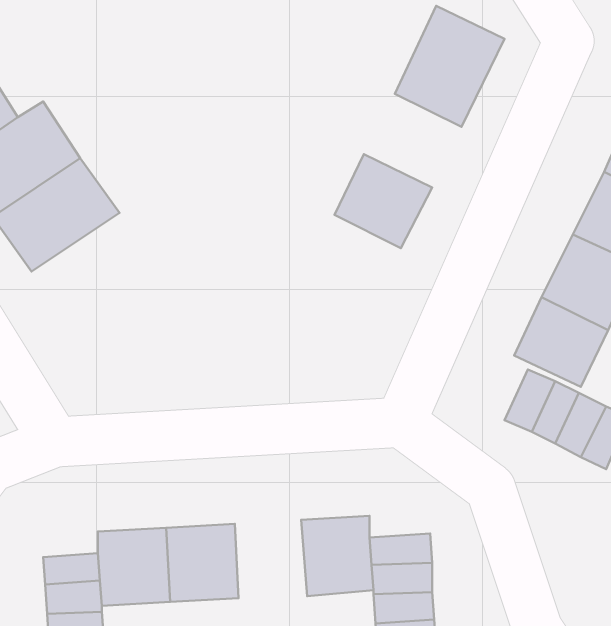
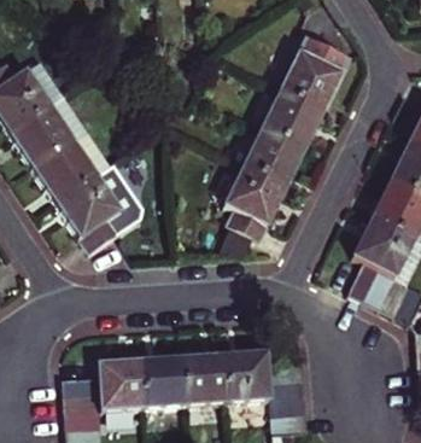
building: none -> [262,91,322,148]
building: none -> [57,164,141,251]
building: none -> [226,165,285,239]
building: none -> [182,354,227,402]

